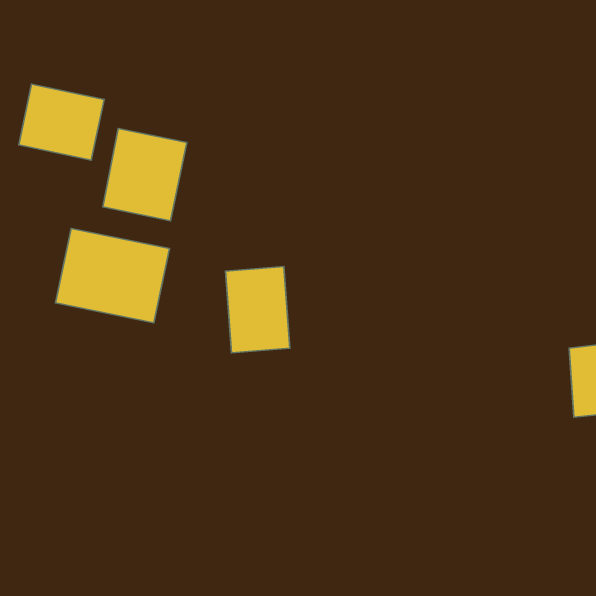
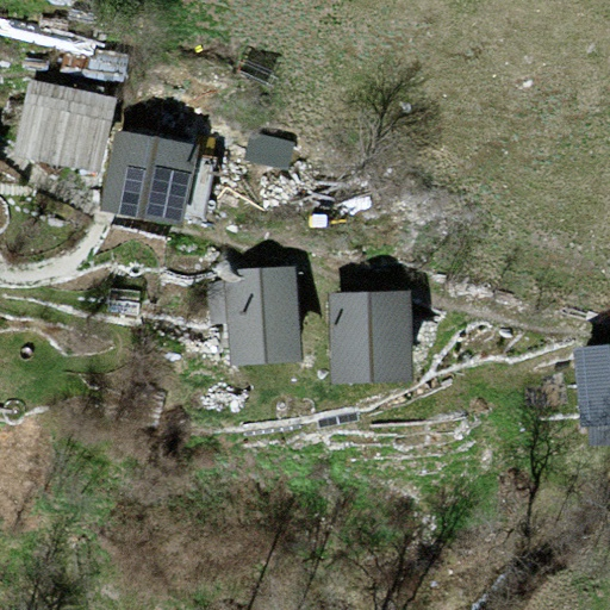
building: [55,228,170,323] -> none
building: none -> [338,299,404,375]

